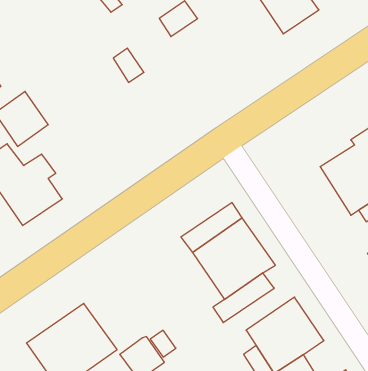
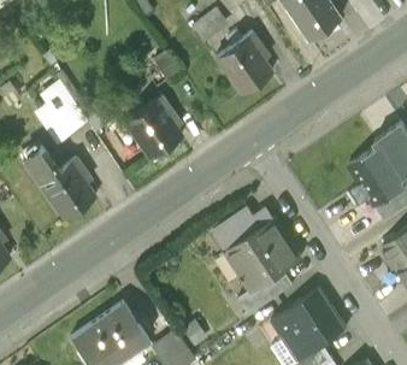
building: none -> [212,30,271,96]
building: none -> [125,96,181,159]

